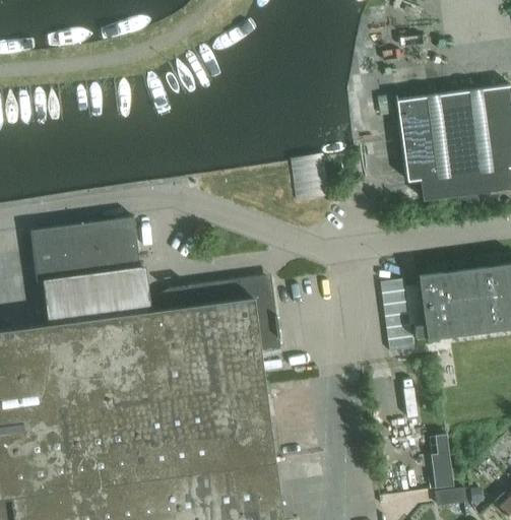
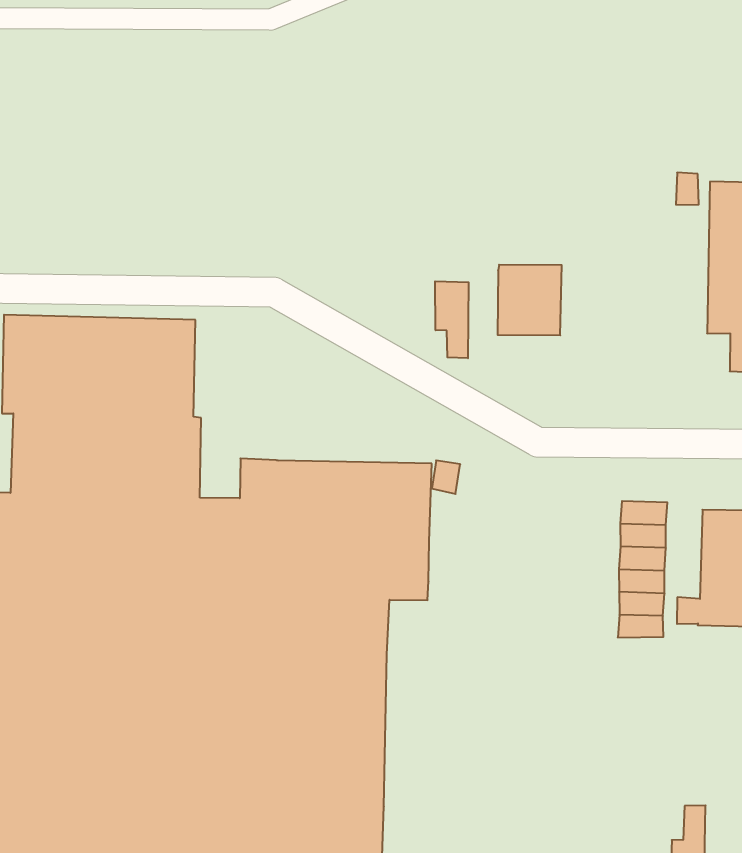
building: none -> [435,281,469,358]

